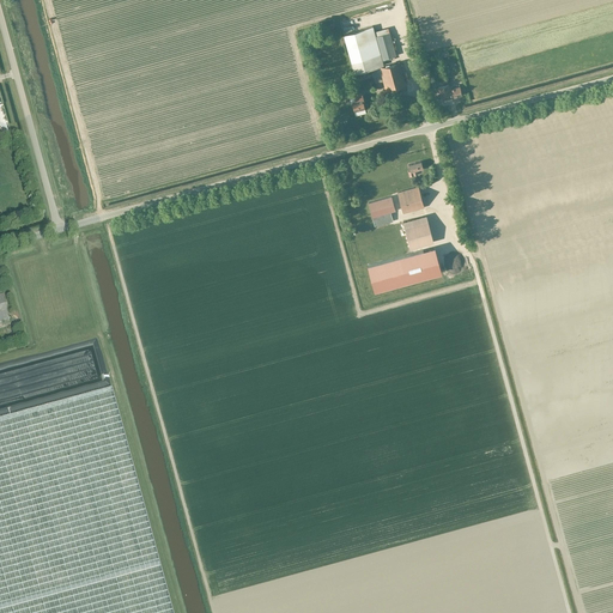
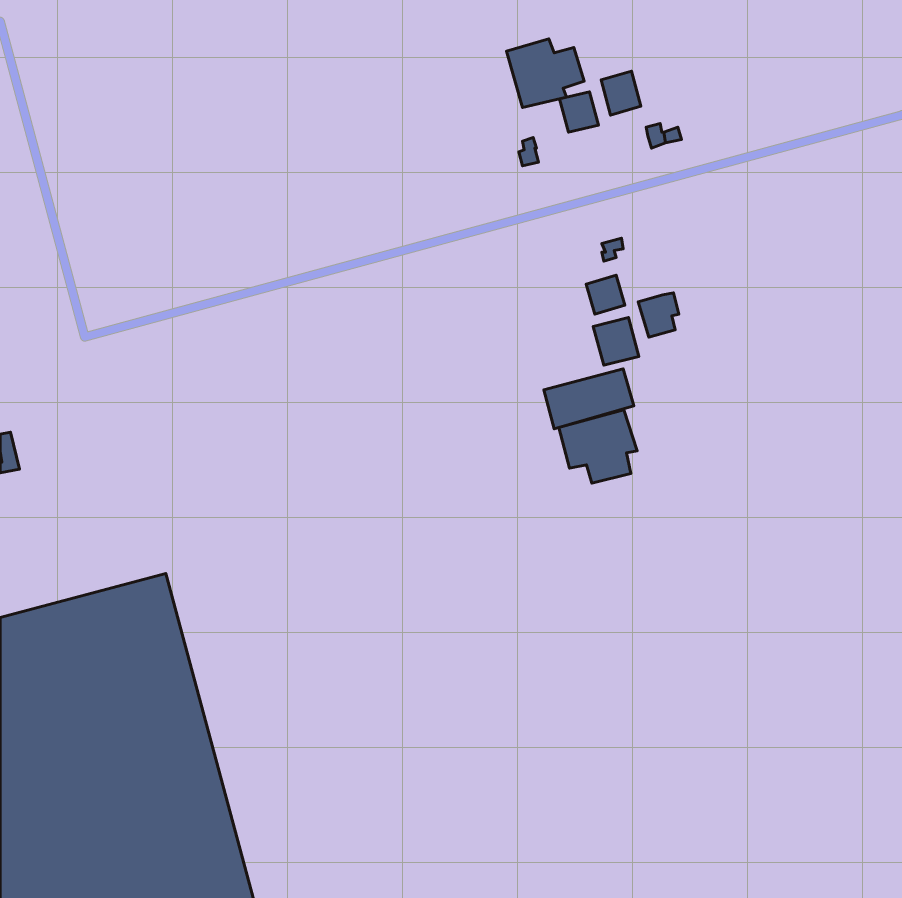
building: none -> [601,71,641,115]
building: [368,199,395,229] -> [638,293,679,337]
building: none -> [559,410,637,483]

